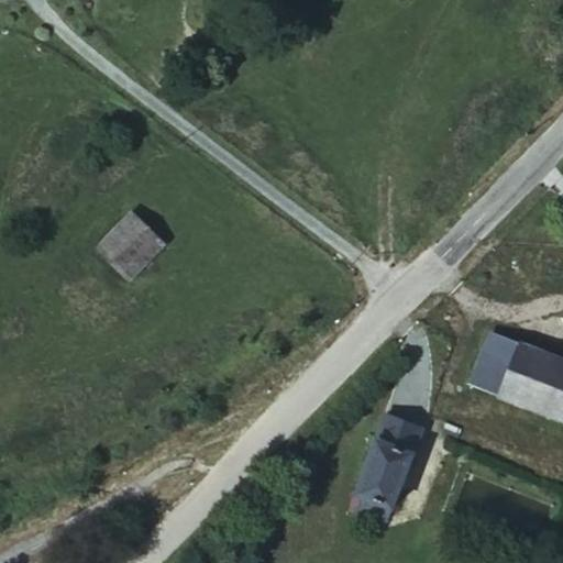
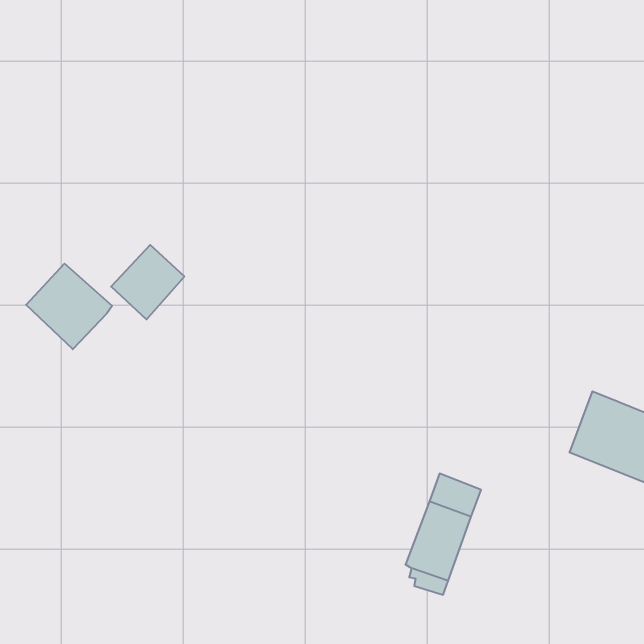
building: none -> [26,264,112,349]
building: [471,332,517,395] -> none

